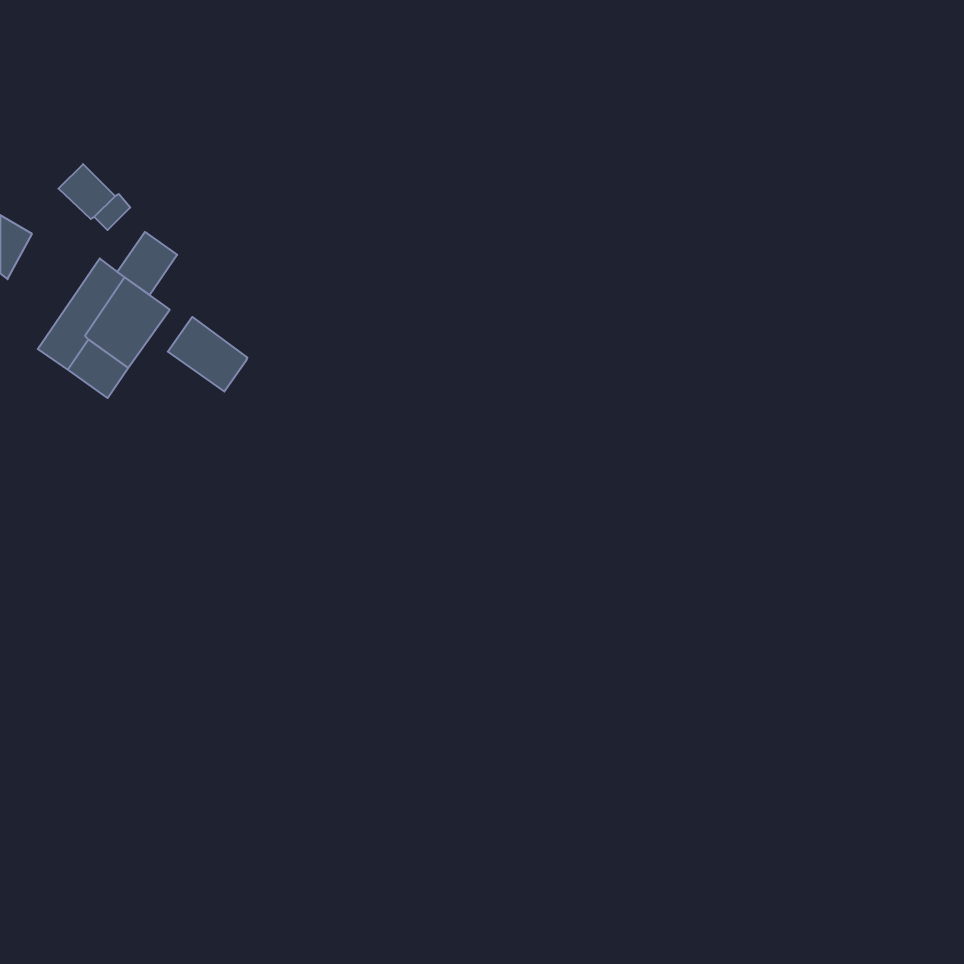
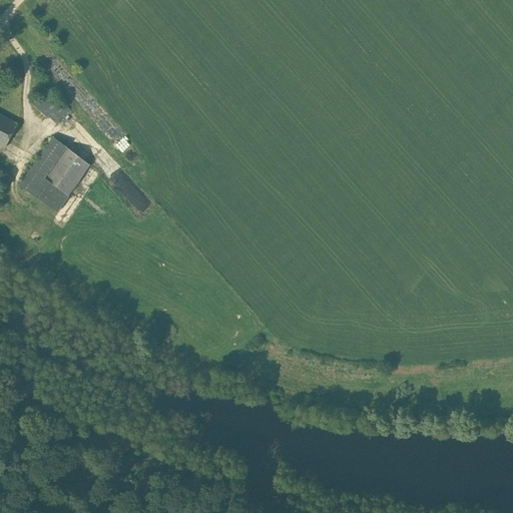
building: [117,232,177,295] -> none
building: [168,317,247,392] -> none

